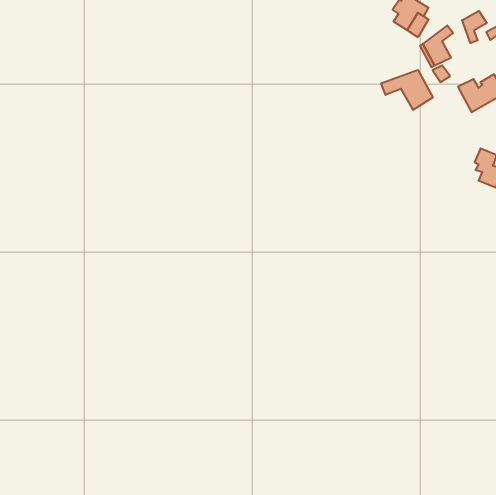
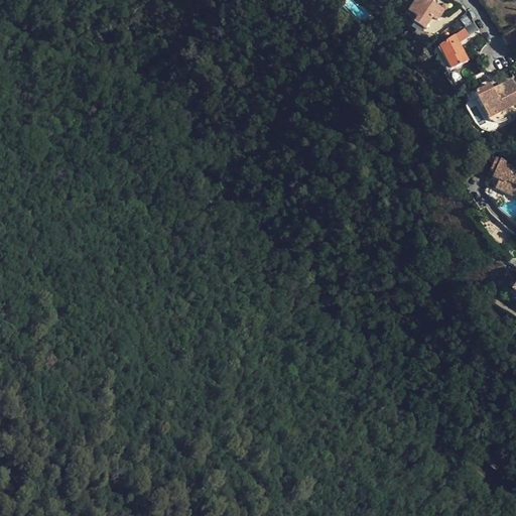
building: [462,11,487,43] -> none
building: [381,70,433,110] -> none

